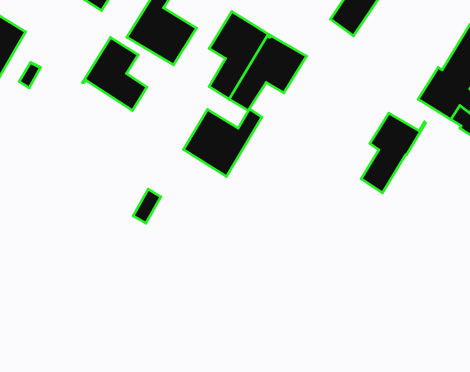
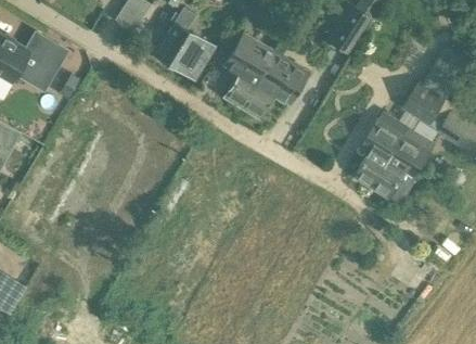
building: [82,38,147,111] -> none
building: [184,109,262,176] -> none
building: none -> [373,129,435,199]

